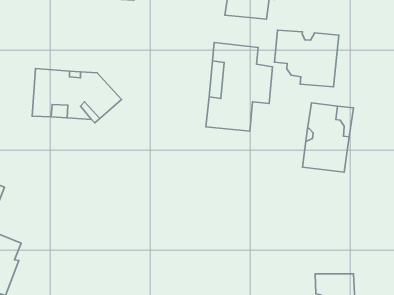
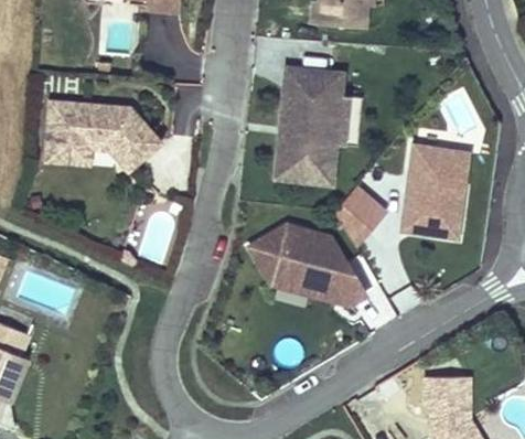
building: [274,30,339,87] -> none
building: none -> [336,181,383,248]
building: none -> [246,226,372,307]

